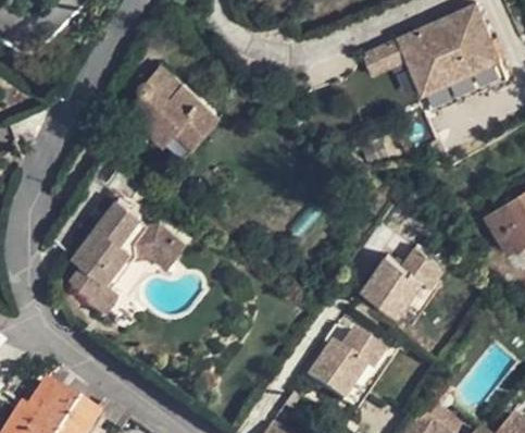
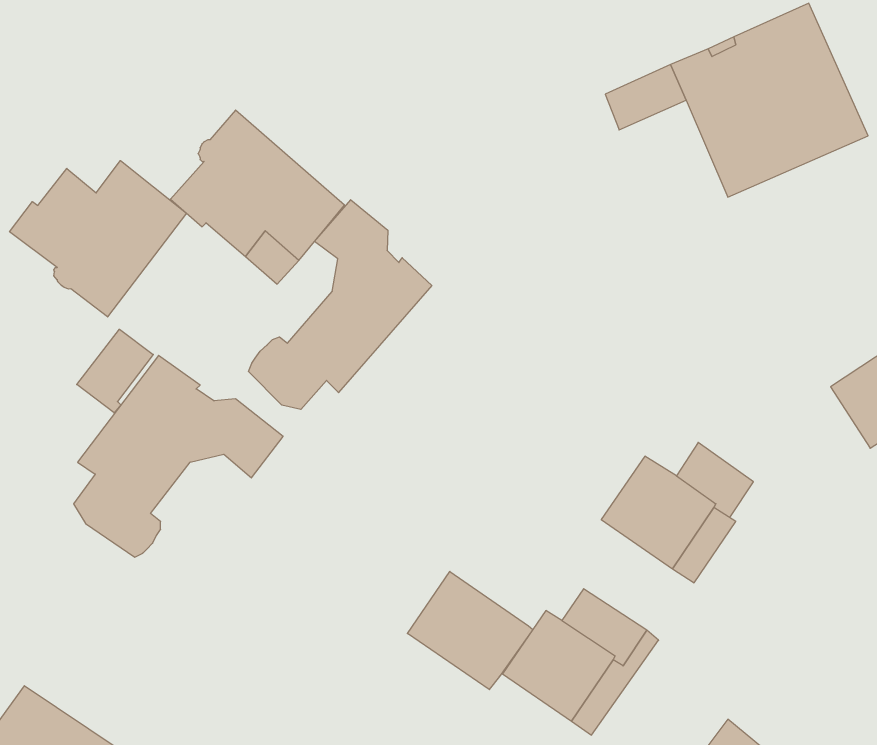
building: none -> [10,161,186,317]
building: none -> [248,200,432,409]
building: none -> [77,329,153,413]
building: none -> [407,571,533,690]

